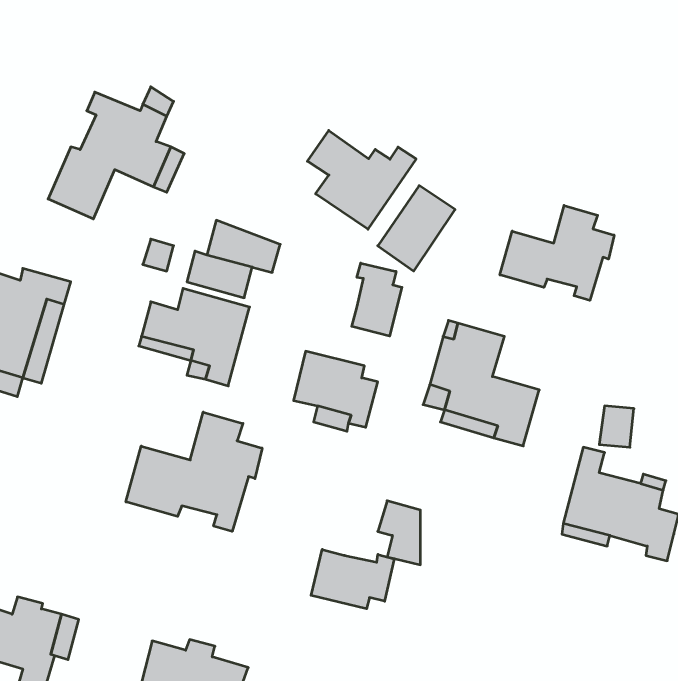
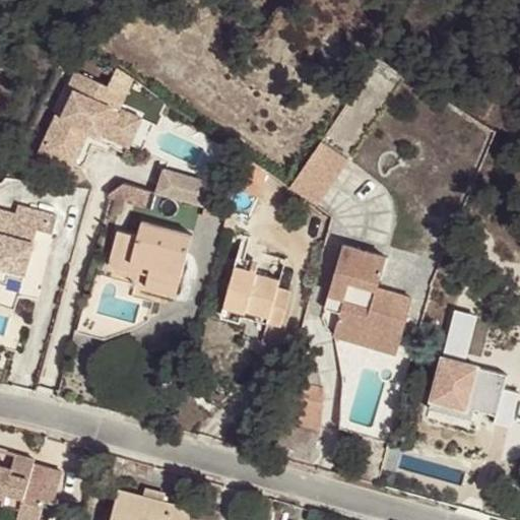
building: [307,130,416,229] -> none
building: [500,205,614,300] -> none
building: [352,263,402,336] -> none
building: [126,412,262,531] -> none
building: [311,549,394,609] -> none

